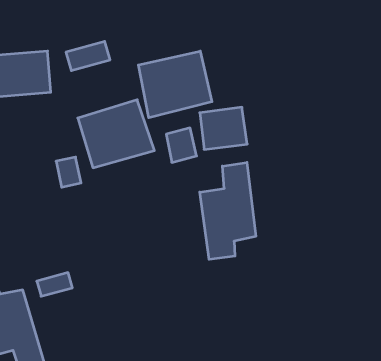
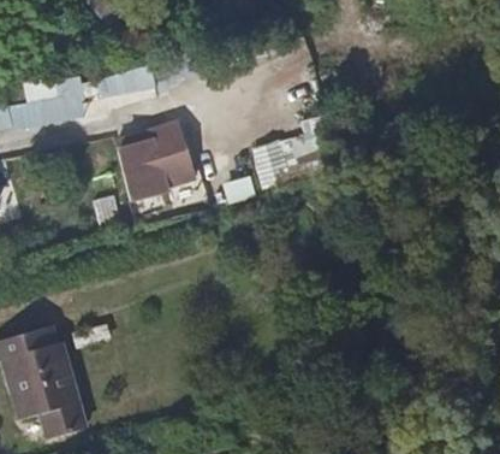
building: [138,51,212,118] -> none
building: [200,162,256,259] -> none

